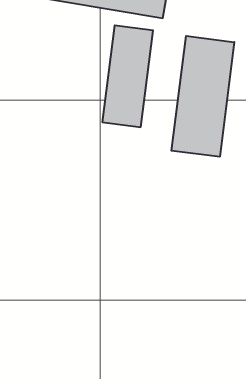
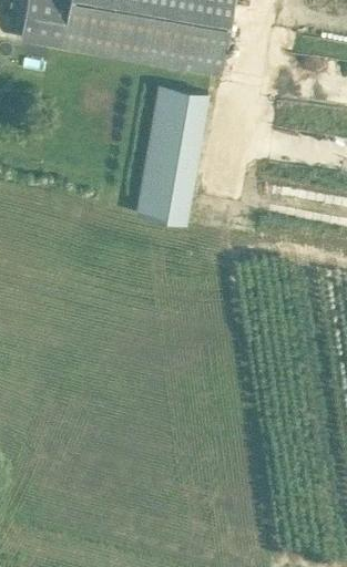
building: [171,36,234,157] -> none

